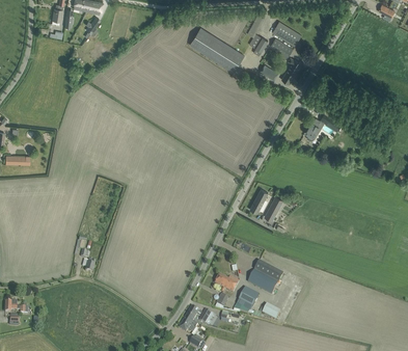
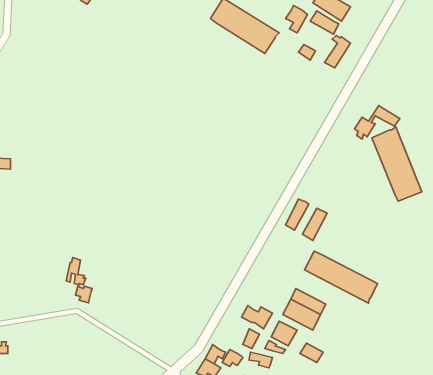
building: none -> [372,127,422,201]
building: none -> [304,251,377,303]

